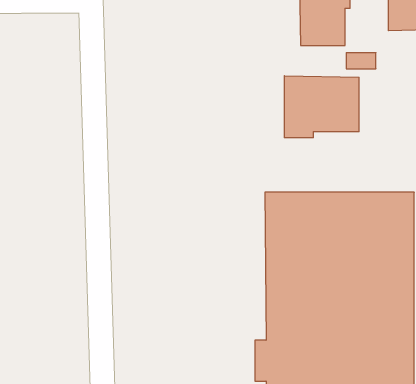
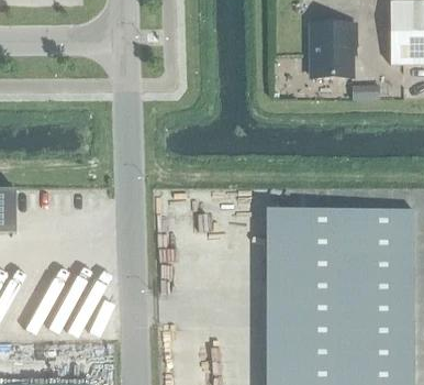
building: [284,76,359,138] -> none

